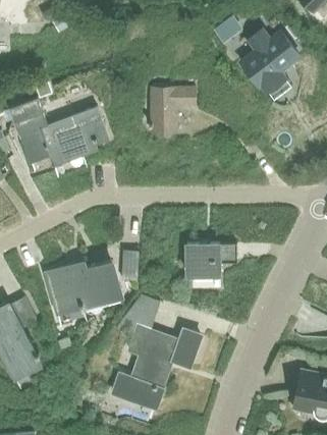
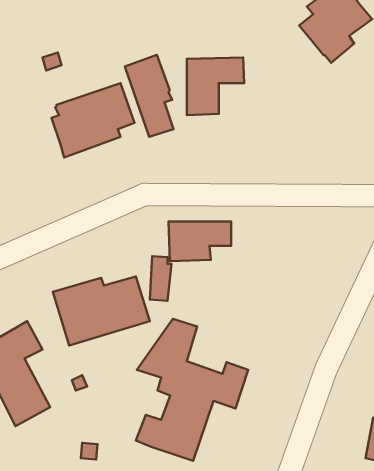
building: [11,98,50,163] -> [125,55,173,137]
building: [186,244,236,276] -> [169,222,231,261]

